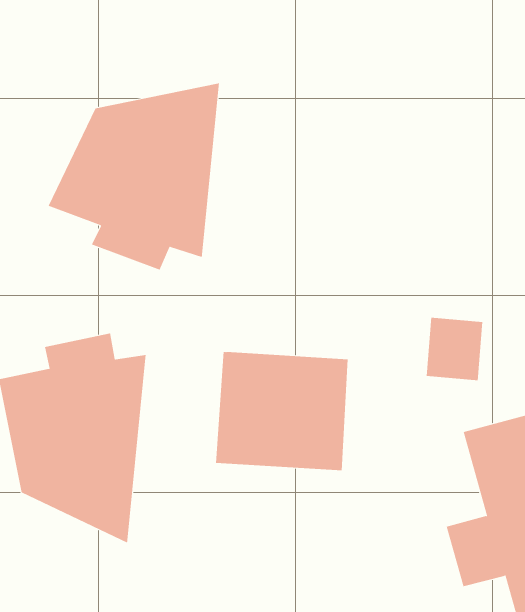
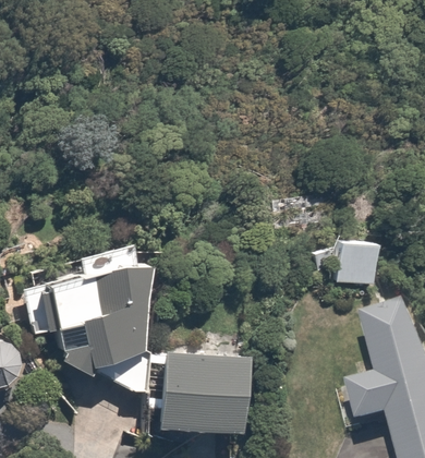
building: [48,82,219,270] -> none
building: [215,352,349,471] -> [150,351,244,435]

